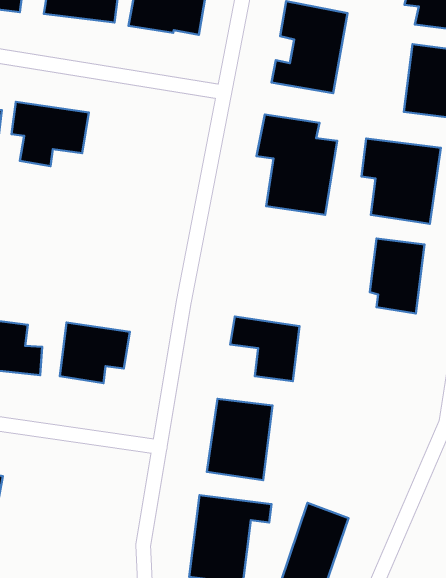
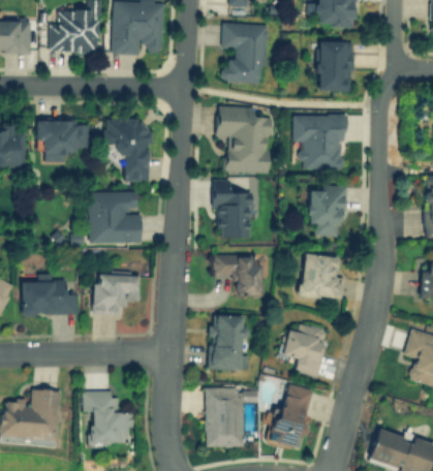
building: none -> [104,118,150,181]
building: none -> [89,191,142,243]
building: none -> [214,180,251,238]
building: none -> [298,253,345,301]
building: none -> [278,322,330,377]
building: none -> [82,390,133,445]

